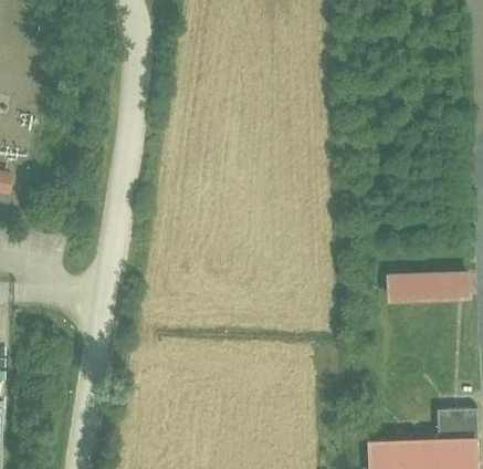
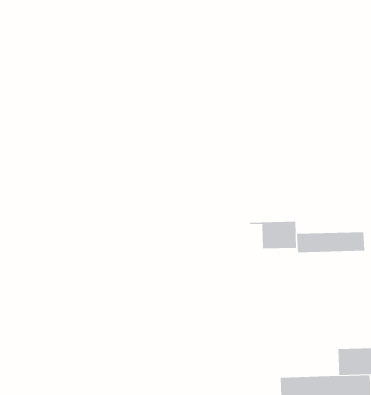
building: none -> [250,221,297,249]

